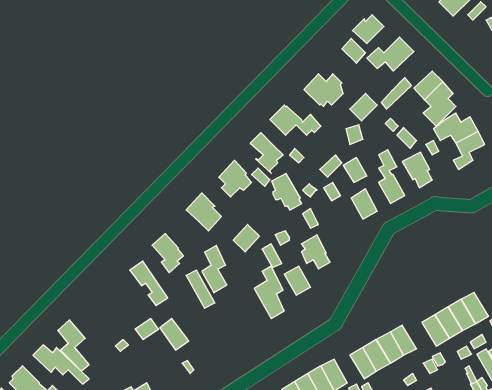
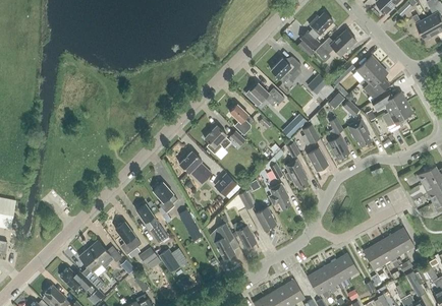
building: [272,173,302,210] -> [285,160,309,188]
building: [202,245,227,293] -> [215,223,234,259]
building: none -> [115,222,141,254]
building: none -> [89,241,121,268]

